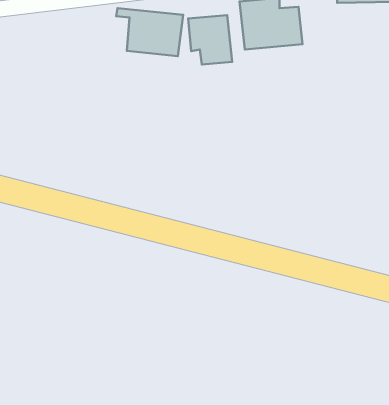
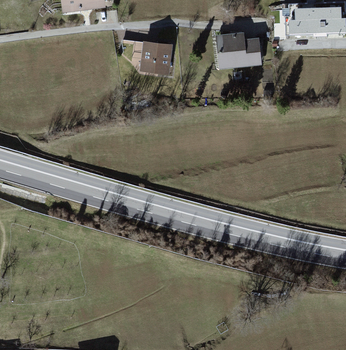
building: [188,15,232,65] -> none

